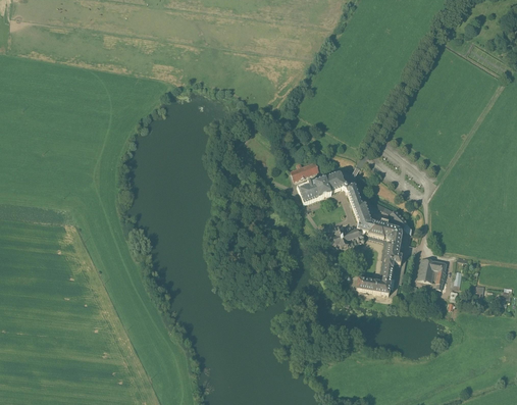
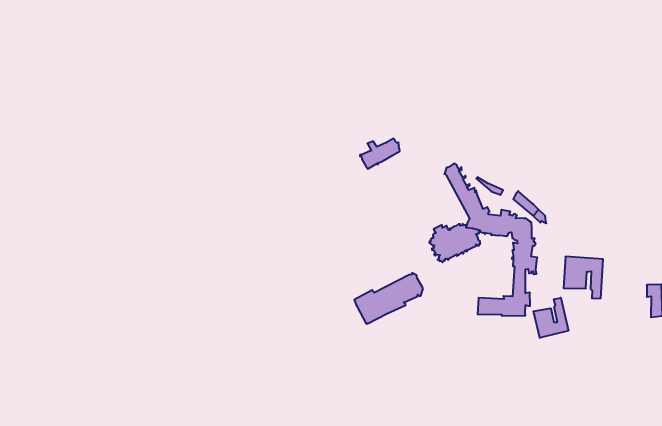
building: [296,172,344,203] -> [354,273,423,324]
building: none -> [534,298,568,338]

